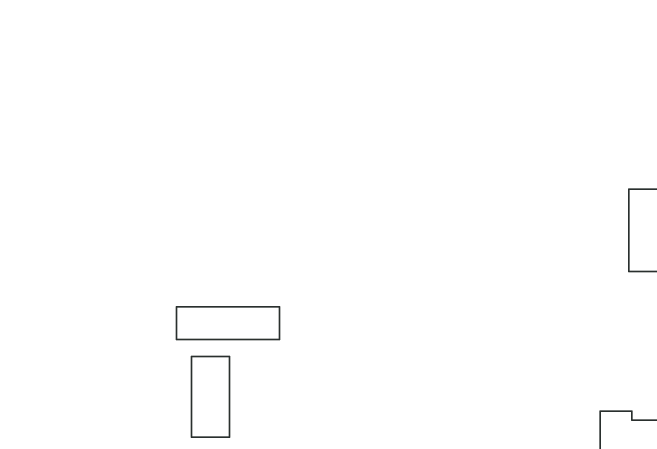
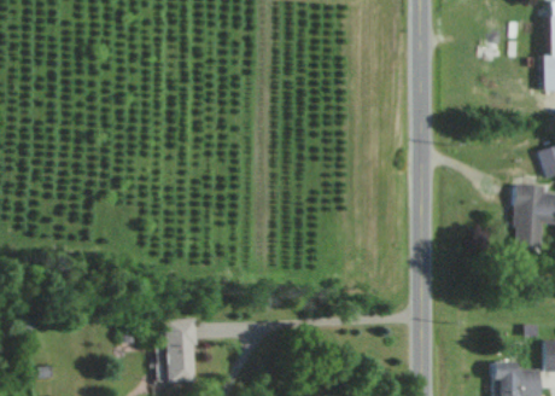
building: [177,307,280,339] -> none

